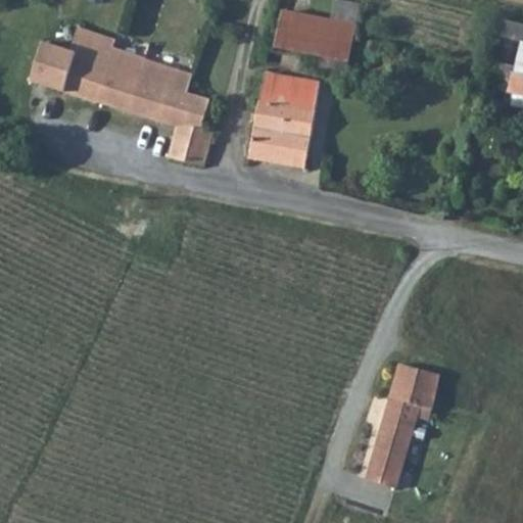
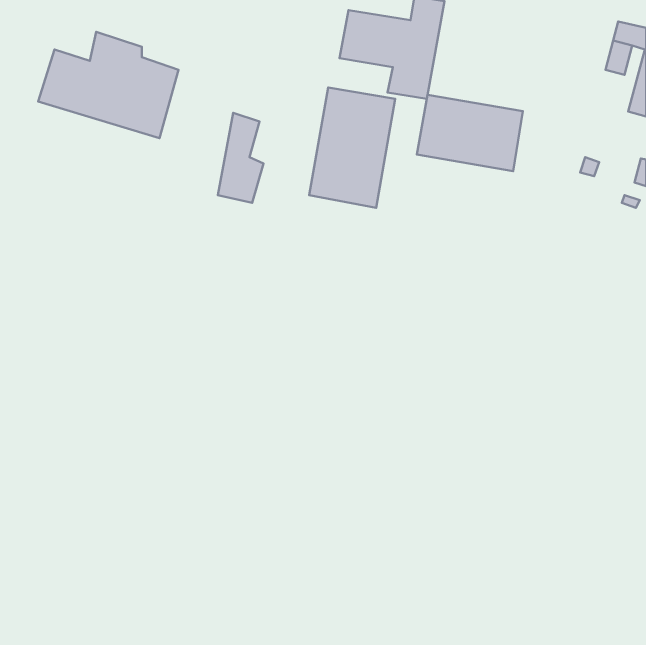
building: [129,56,192,157] -> none
building: none -> [417,95,523,171]
building: [363,363,439,487] -> none

